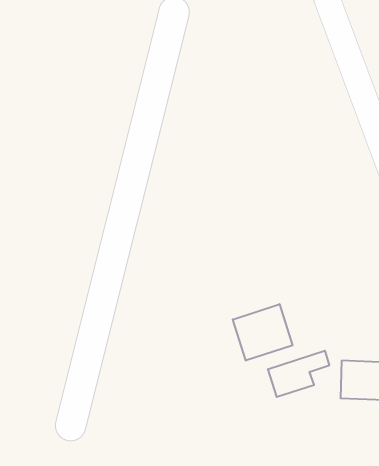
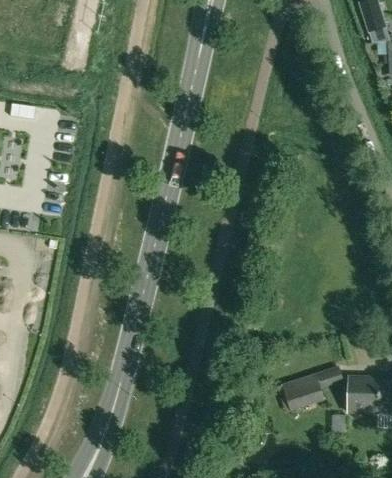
building: [233,304,292,361] -> none

